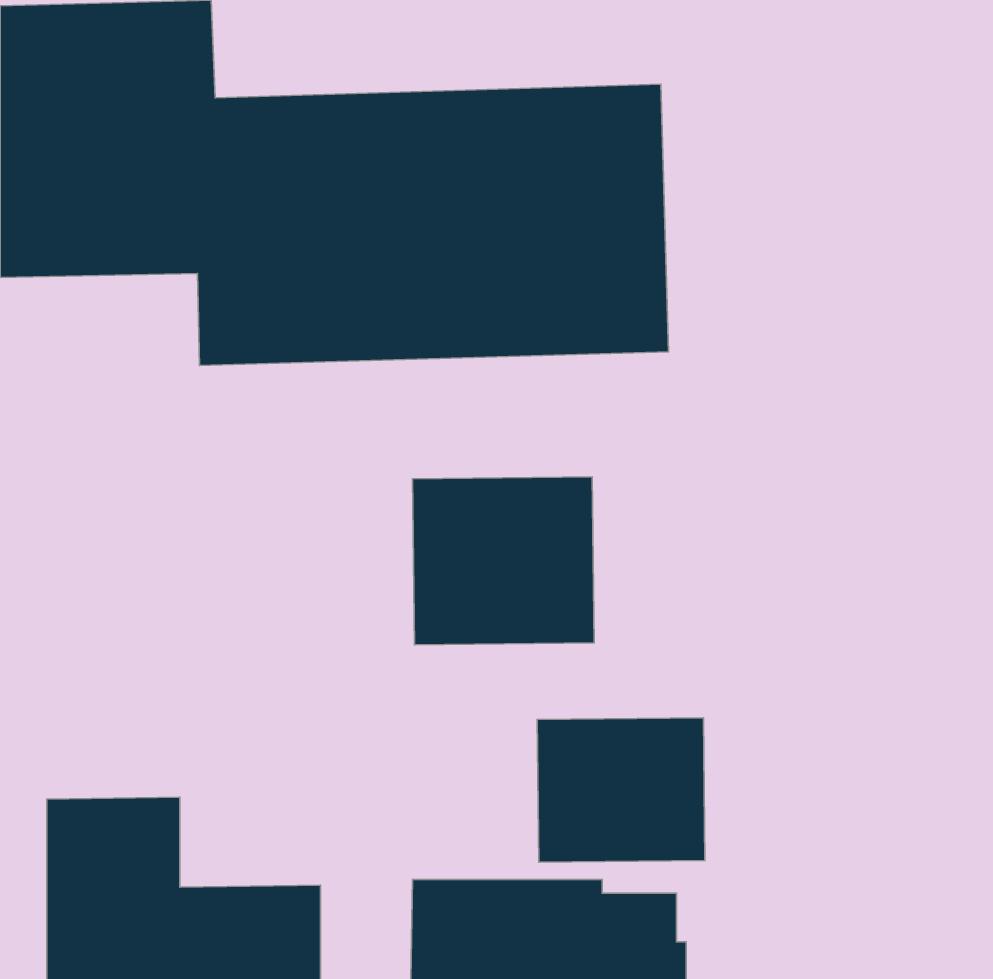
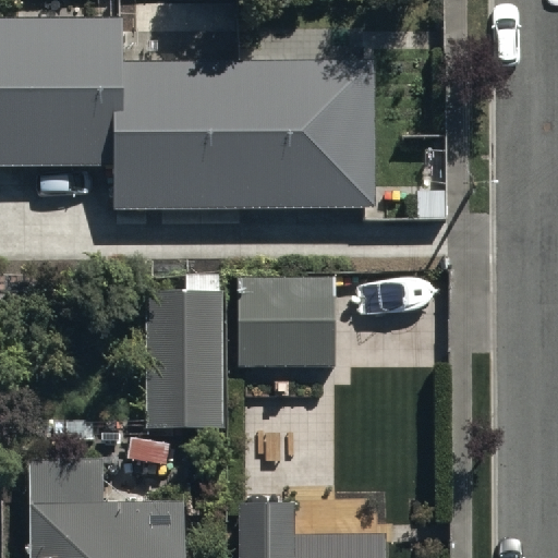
building: none -> [144,290,226,432]
building: [537,718,705,862] -> none

